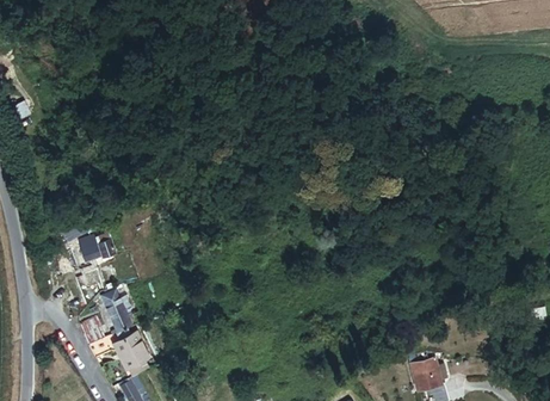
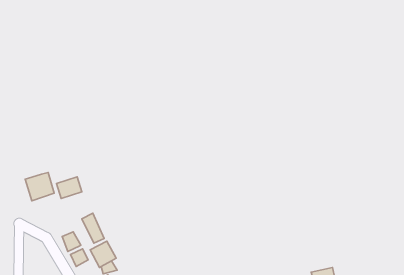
building: none -> [25,172,54,201]

